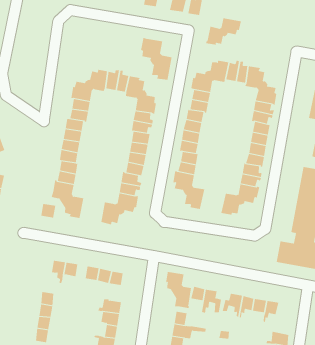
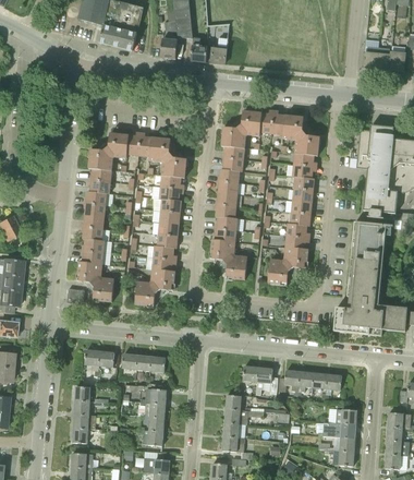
building: [206,17,242,45] -> none
building: [141,37,172,80] -> none
building: [164,271,192,309] -> none

